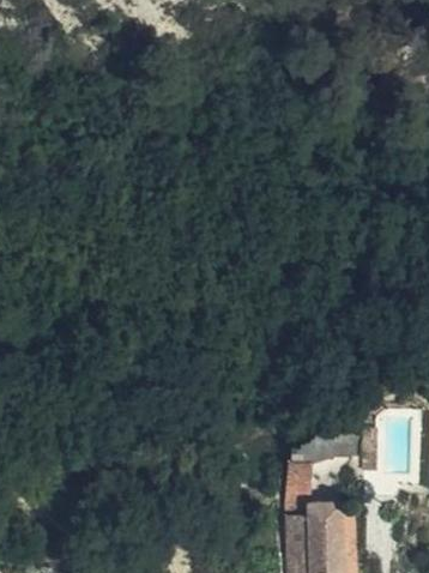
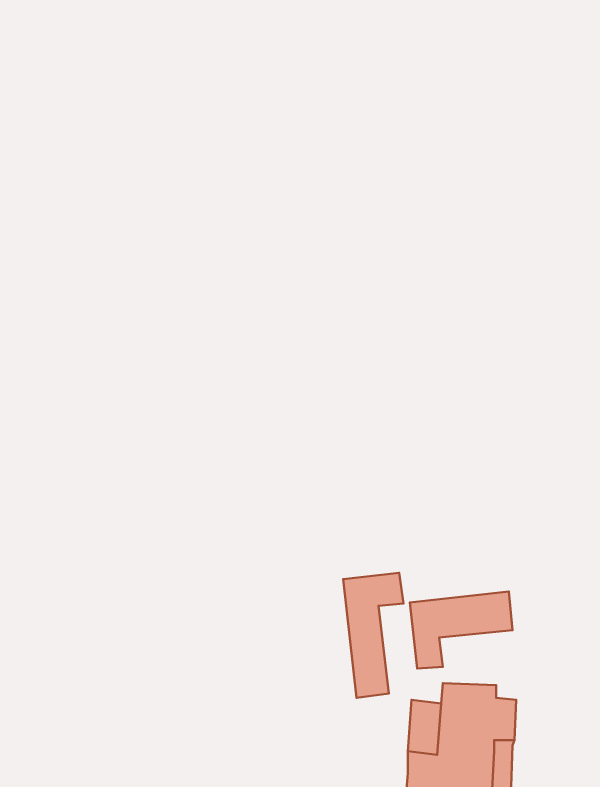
building: none -> [343,573,403,698]

